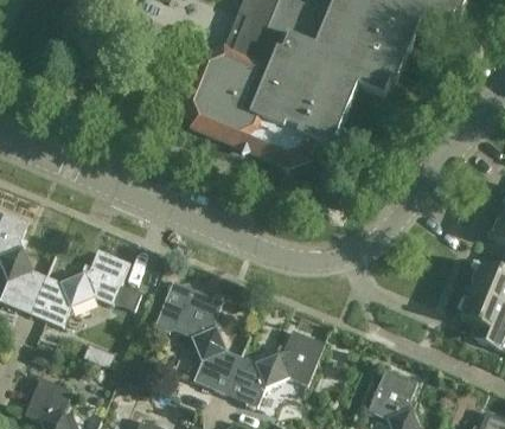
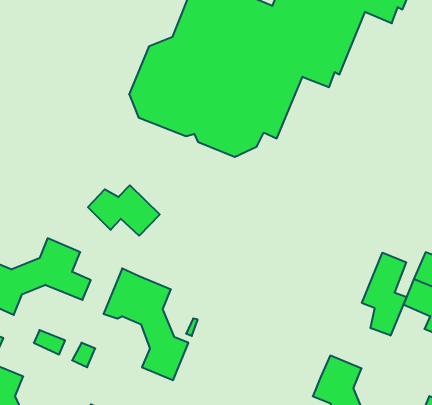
building: none -> [88,185,160,236]
building: none -> [362,253,407,336]
building: [225,329,325,406] -> none

